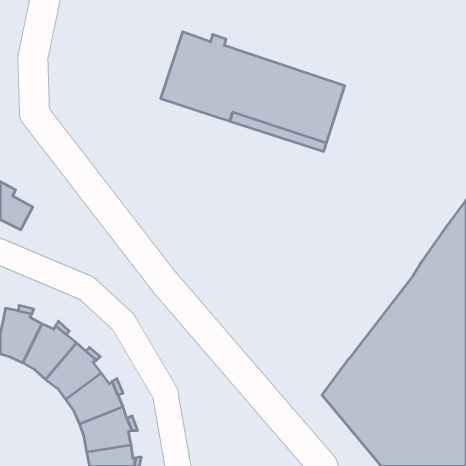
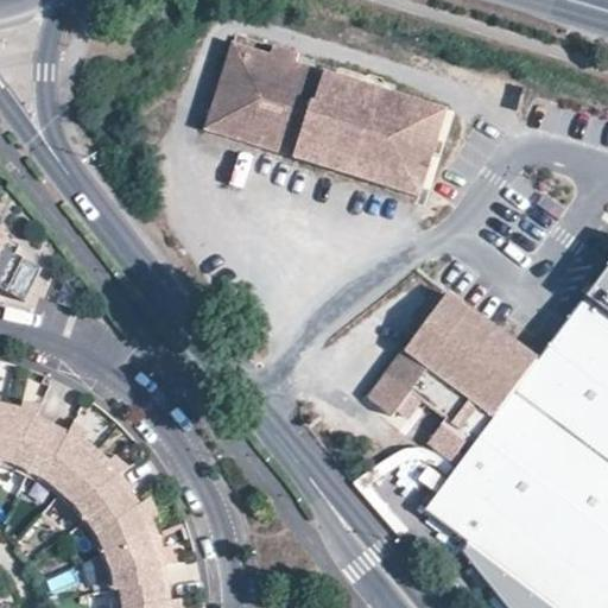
building: none -> [367,291,538,467]

